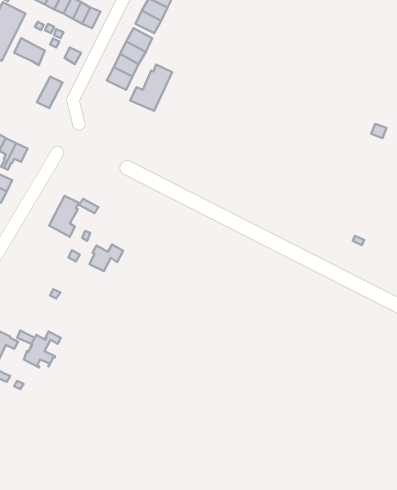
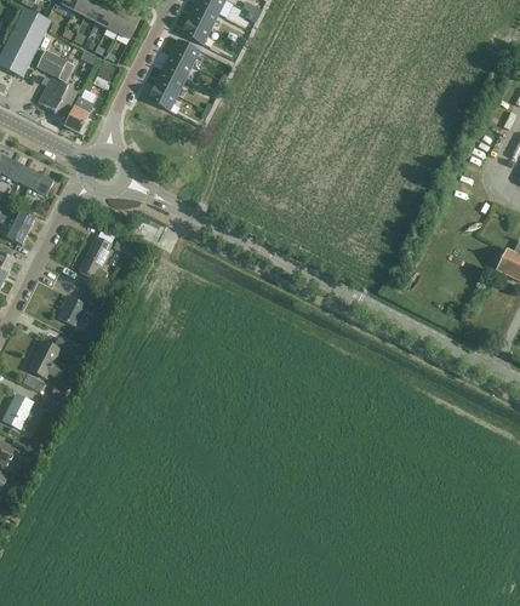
building: none -> [38,76,75,116]
building: [130,64,172,111] -> none
building: [89,245,123,271] -> [57,293,97,325]
building: [24,332,61,368] -> [28,336,72,378]

